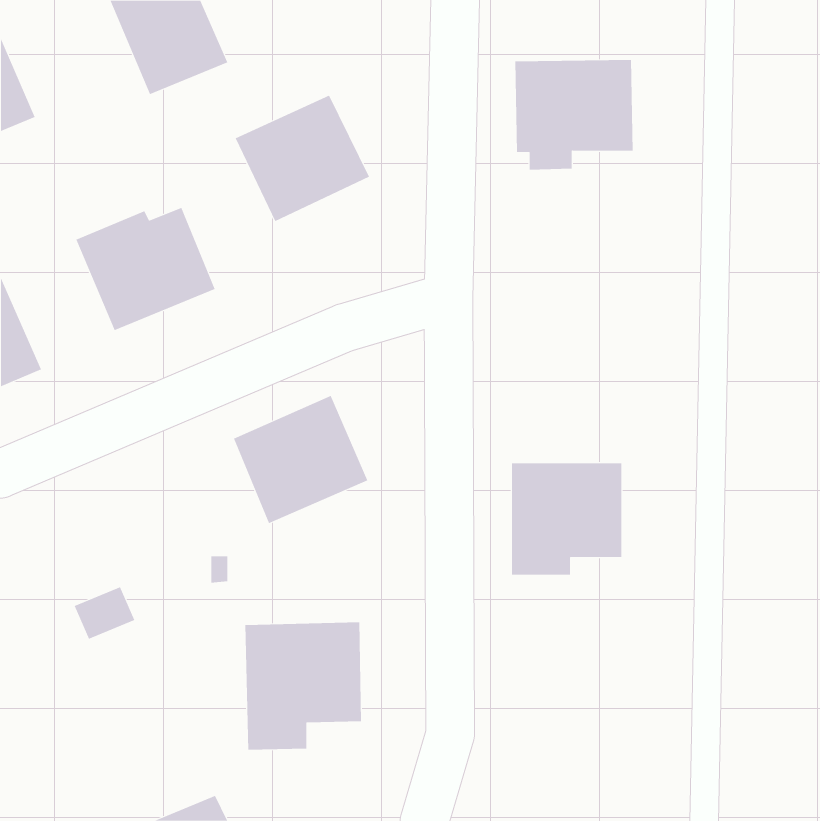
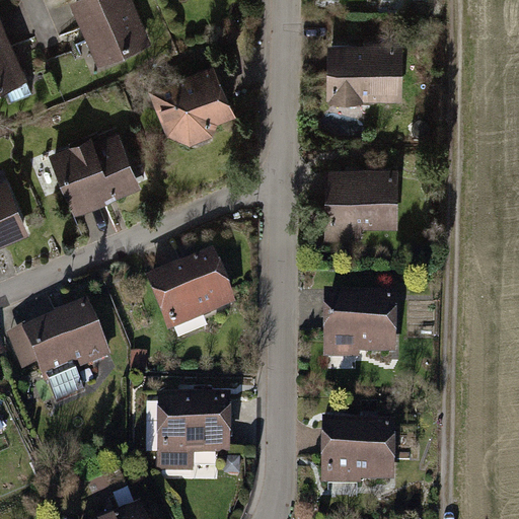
building: none -> [323,162,396,235]
building: none -> [7,299,107,380]
building: none -> [322,422,392,493]

